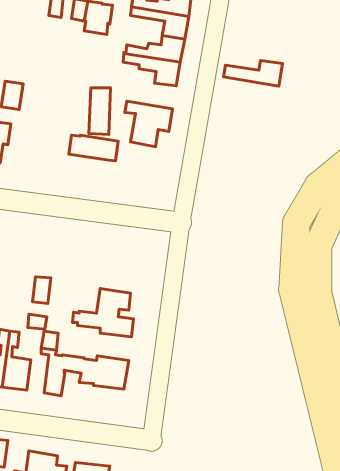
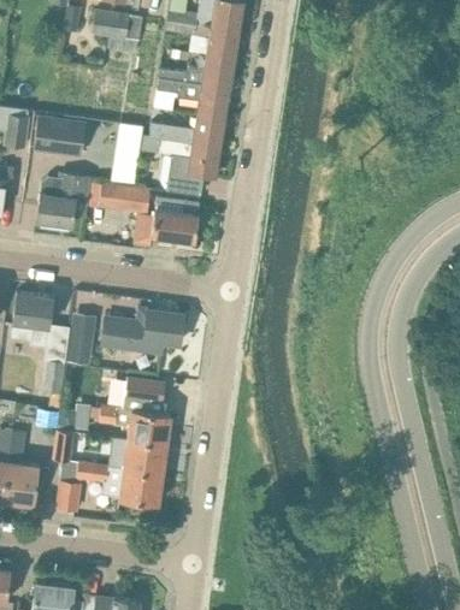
building: [224,61,283,86] -> [149,116,224,148]
building: none -> [34,114,87,156]
building: none -> [35,173,90,230]
building: none -> [134,196,200,245]
building: none -> [11,292,52,347]
building: none -> [100,309,184,355]
building: none -> [67,330,96,365]
building: none -> [111,432,167,467]

